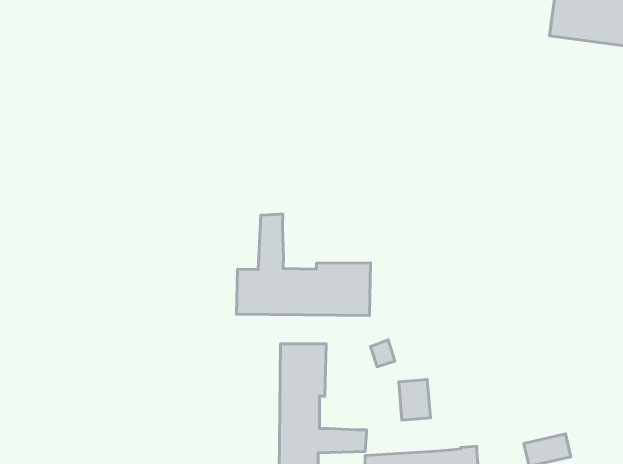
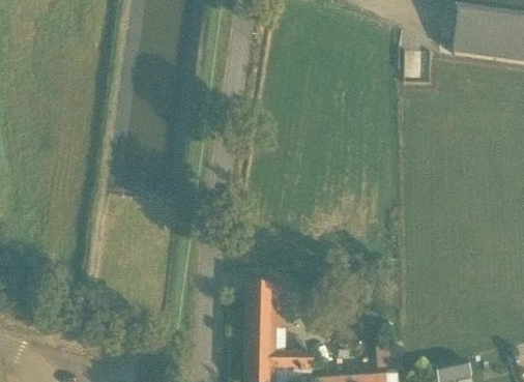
building: [237,214,370,316] -> none
building: [399,380,431,420] -> none

